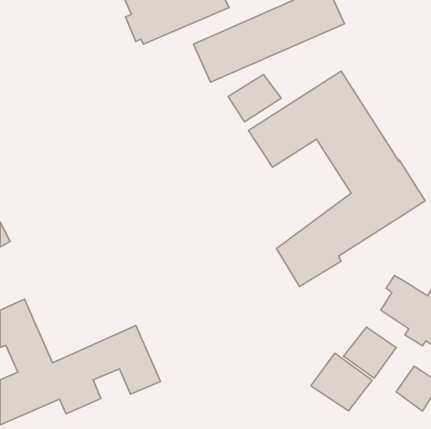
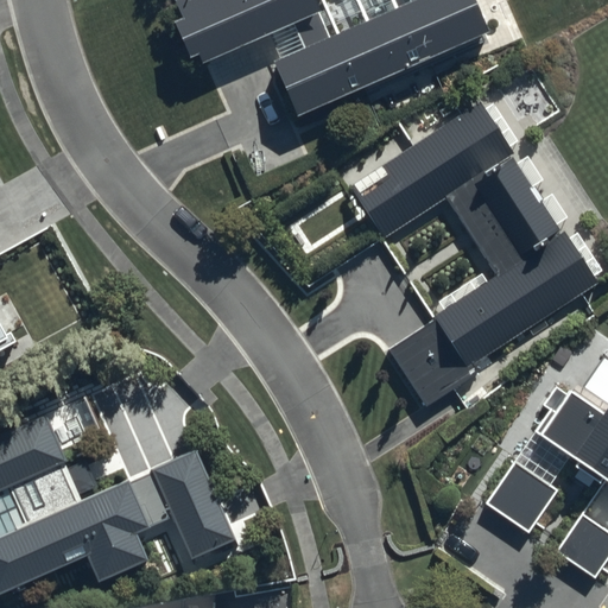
building: [228,74,281,122] -> none
building: [311,353,372,411] -> none

